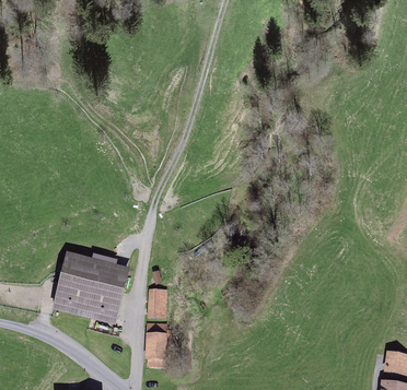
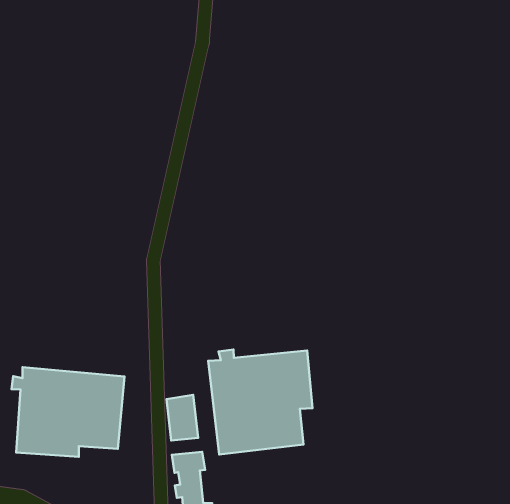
building: none -> [208,349,313,455]

